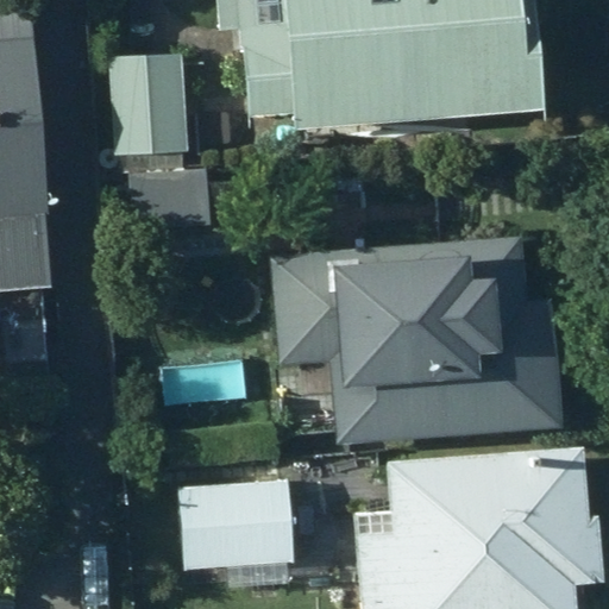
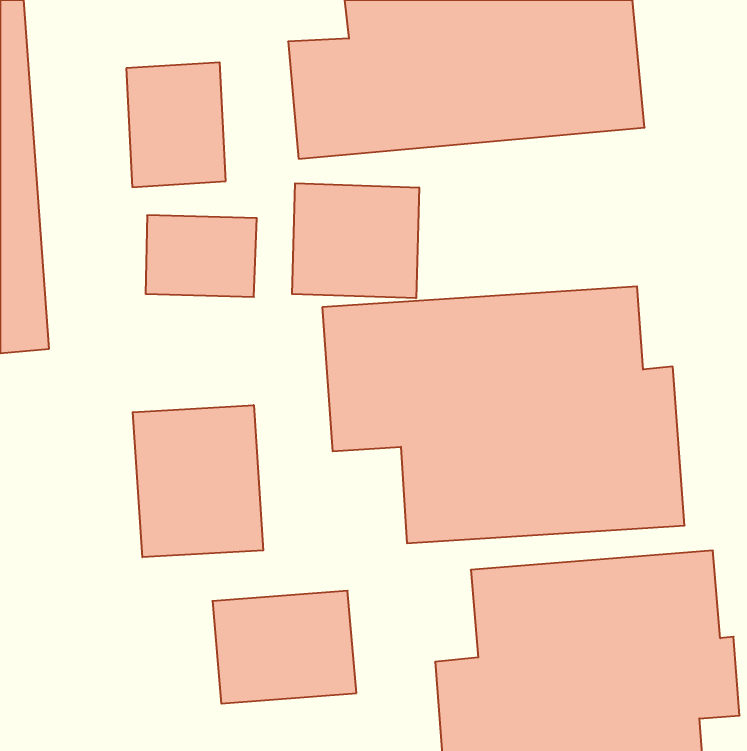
building: none -> [292,183,419,298]
building: none -> [133,405,263,557]

